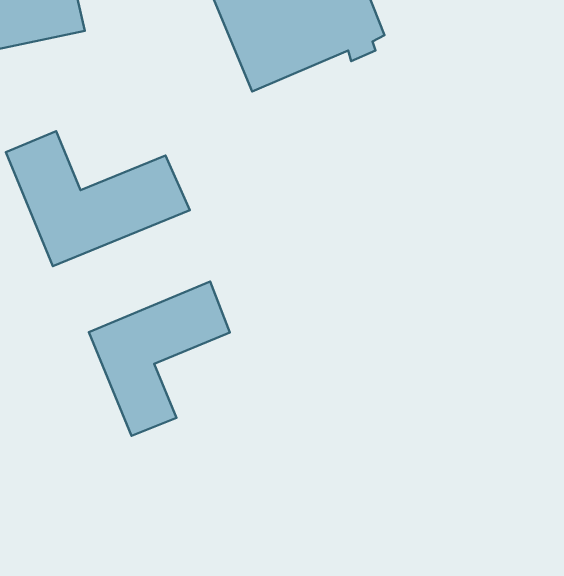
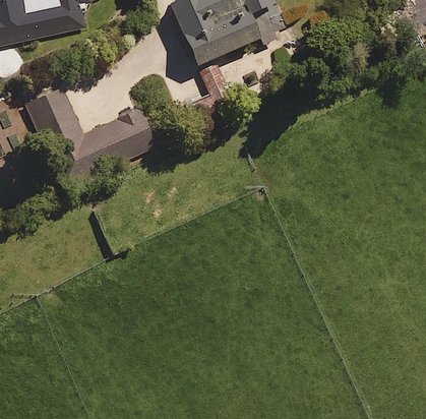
building: [89,282,230,436] -> none

